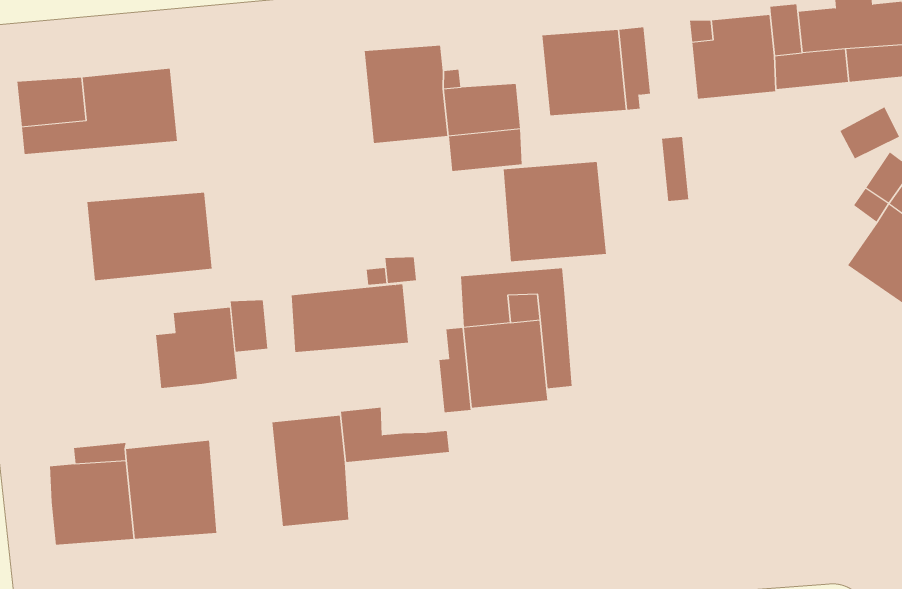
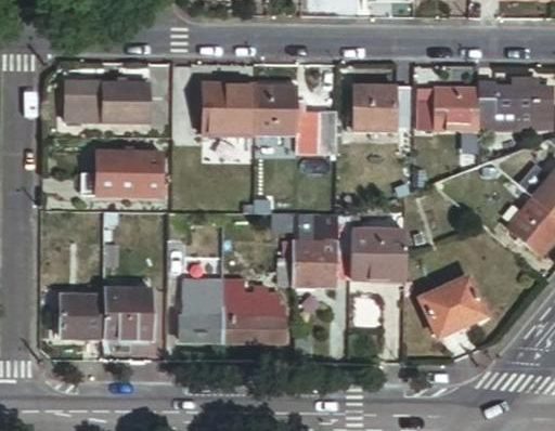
building: none -> [204,84,256,135]
building: [503,162,607,262] -> [351,227,404,279]
building: [291,284,409,352] -> [222,308,285,340]
building: [155,307,237,389] -> none
building: none -> [421,277,486,338]

